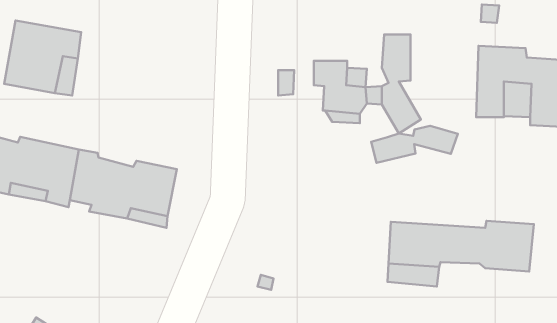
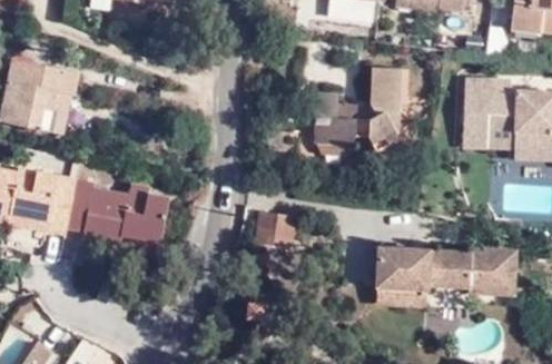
building: [371,126,458,163] -> none
building: none -> [256,209,293,246]

